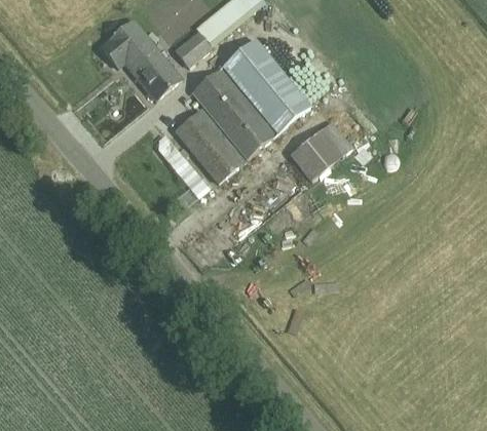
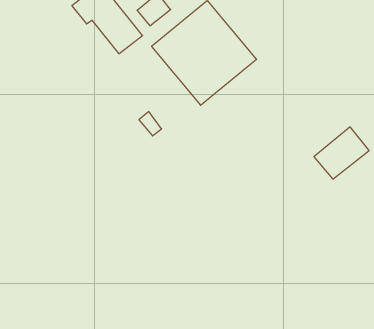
building: [175,110,242,182] -> none
building: [290,120,352,180] -> [314,127,369,179]

